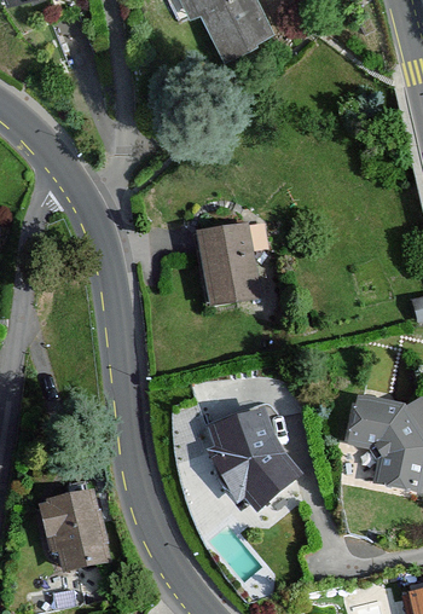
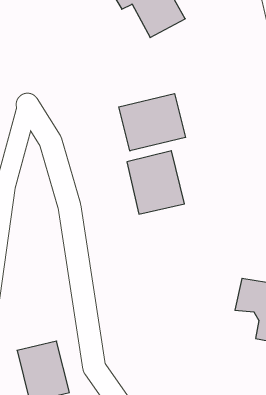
building: none -> [119,94,186,151]
building: [204,406,302,510] -> none

